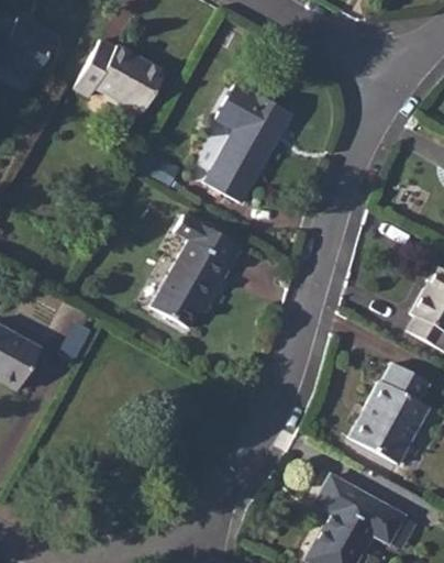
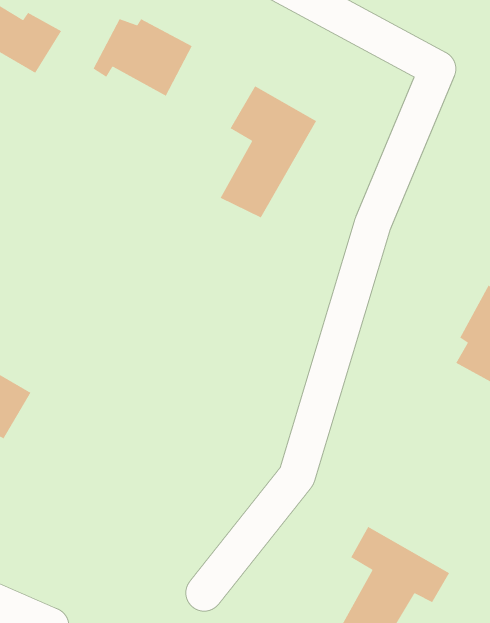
building: [148,218,241,332] -> none
building: [348,361,429,461] -> none

